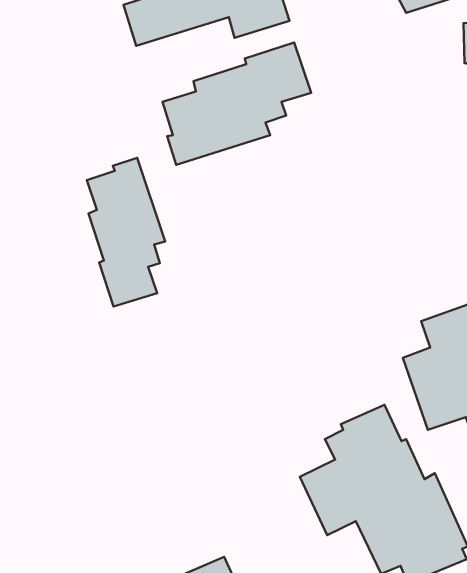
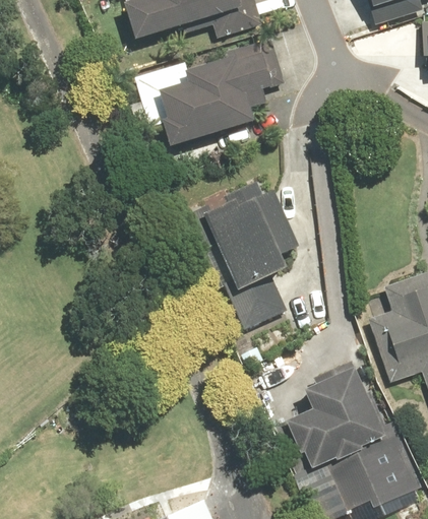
building: [87,158,165,307] -> none
building: none -> [185,184,301,330]

